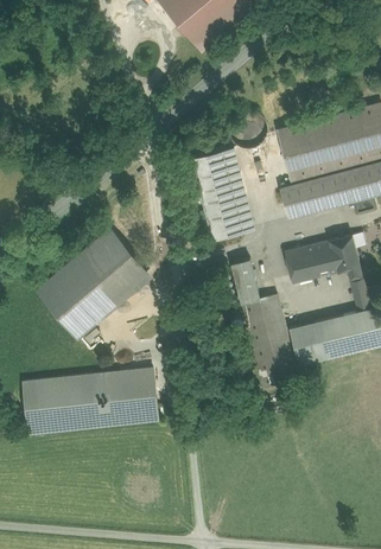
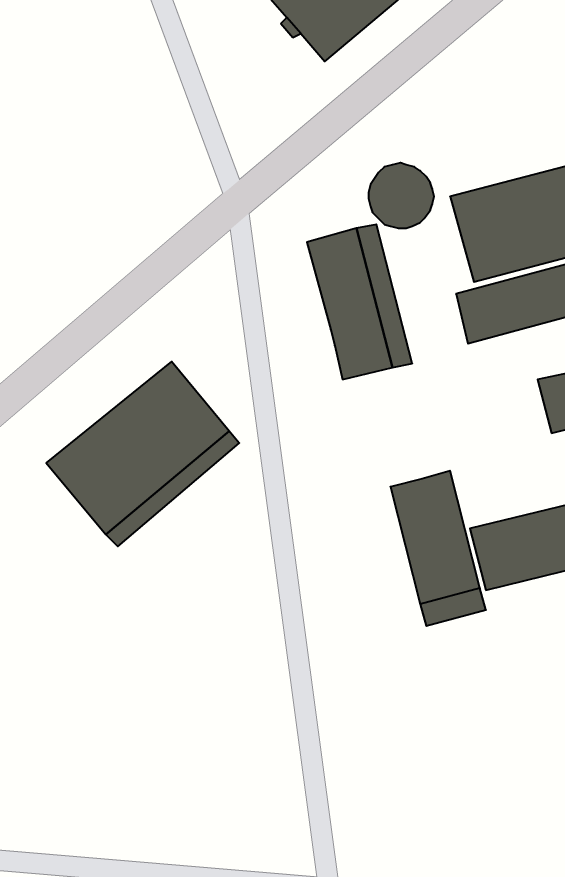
building: [284,238,337,282] -> none
building: [230,257,260,302] -> none
building: [23,366,157,432] -> none

